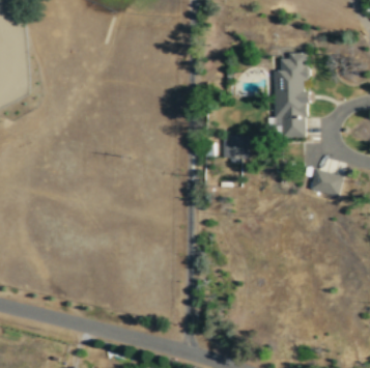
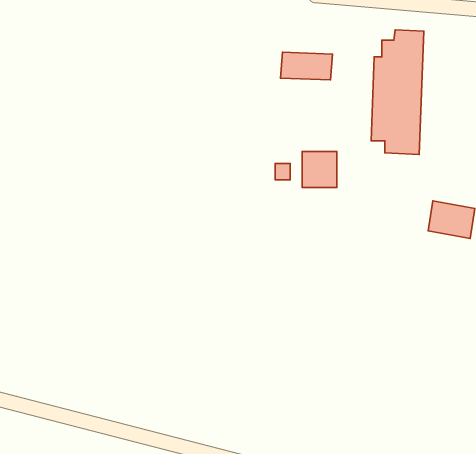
building: none -> [281,52,333,80]

